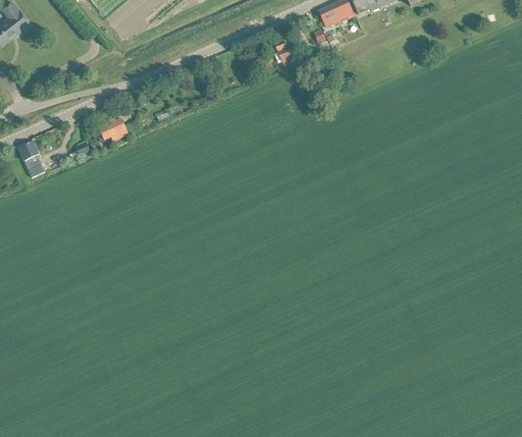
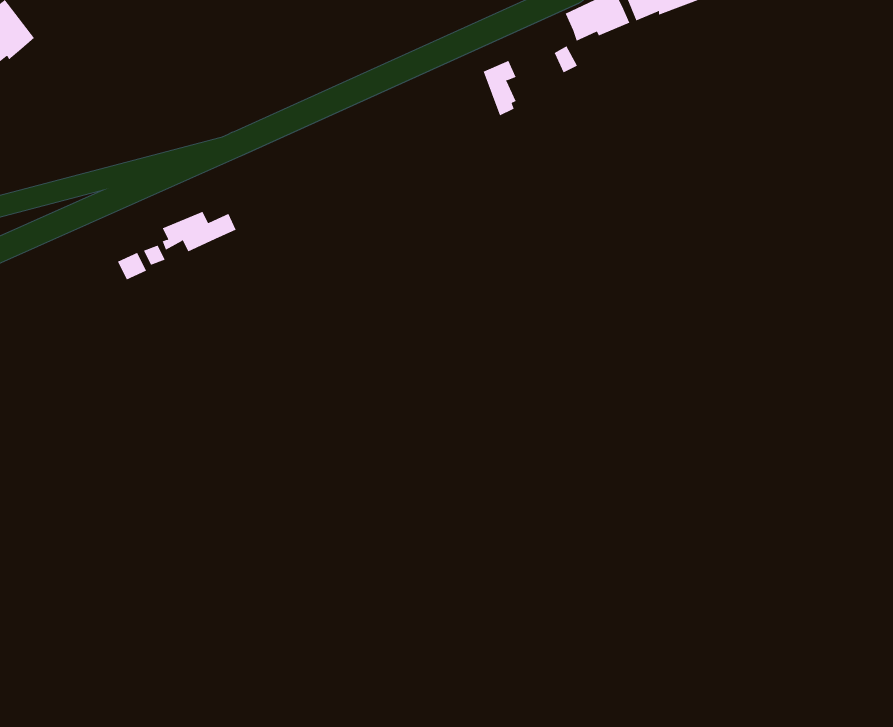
building: [17,140,44,176] -> none

